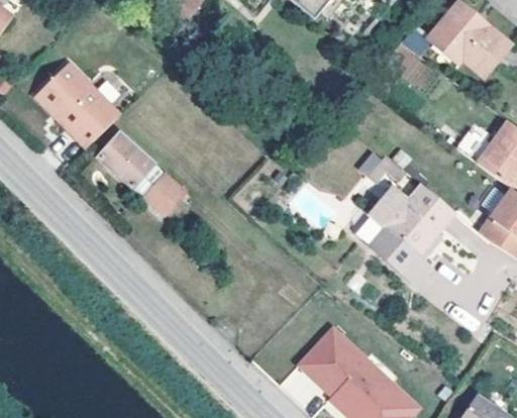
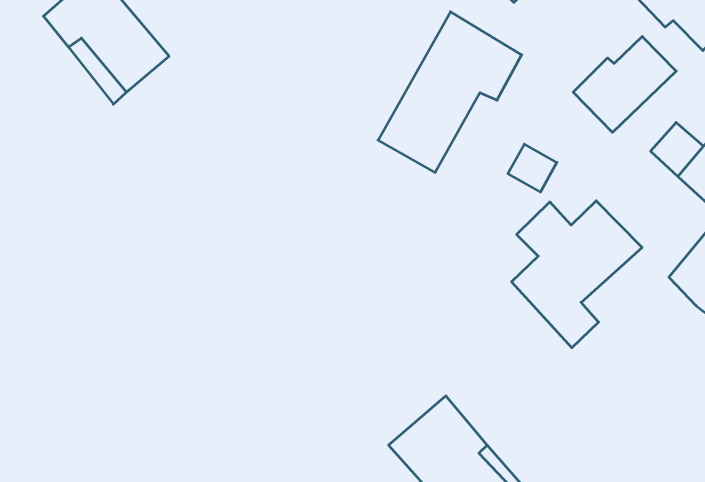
building: none -> [378,12,522,172]
building: none -> [573,36,676,132]
building: [100,133,192,212] -> none

